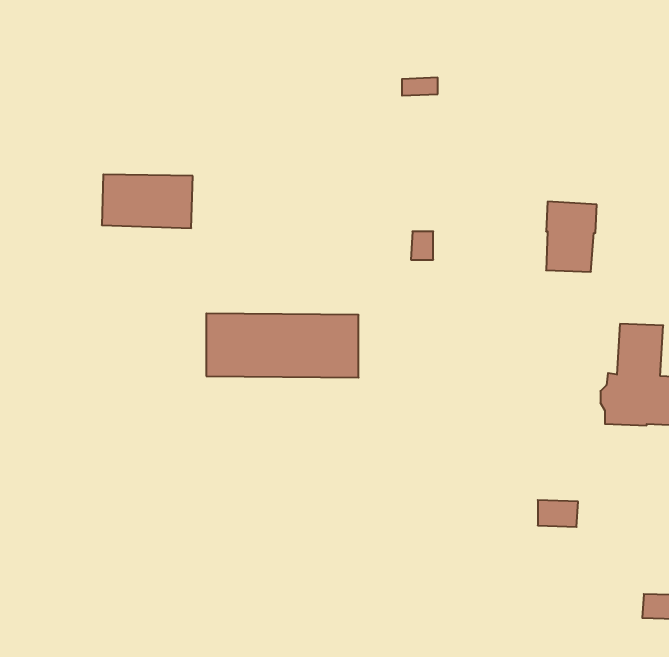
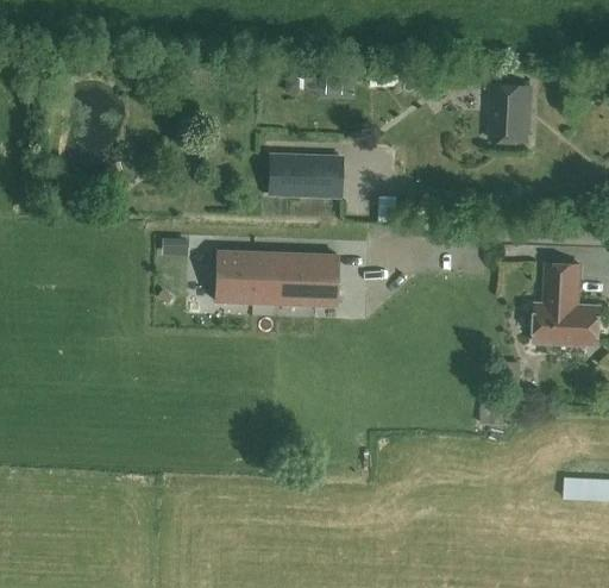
building: [102,174,193,228] -> [268,154,340,196]
building: [546,202,597,272] -> [490,85,530,140]

